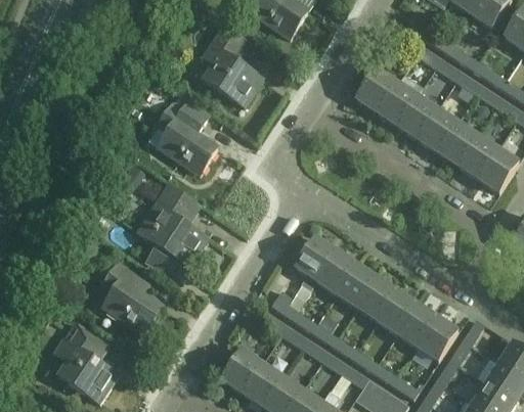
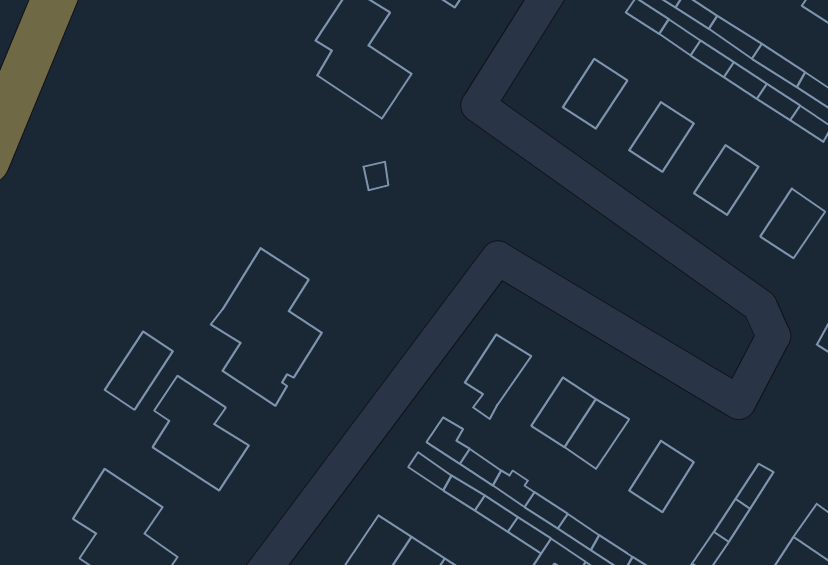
building: [376,82,416,125] -> none
building: [148,98,217,174] -> none
building: [417,108,455,151] -> none
building: [456,135,496,178] -> none
building: none -> [105,331,173,410]
building: [315,251,355,294] -> none
building: [376,290,416,334] -> none
building: [417,317,456,361] -> none

